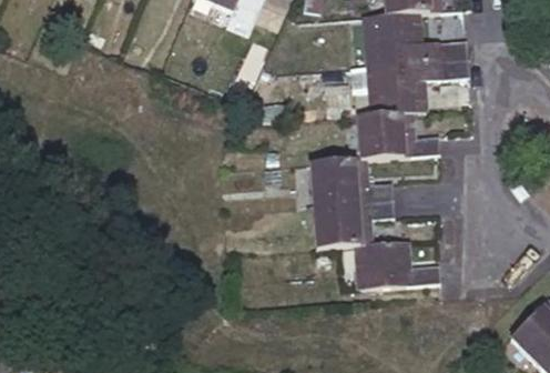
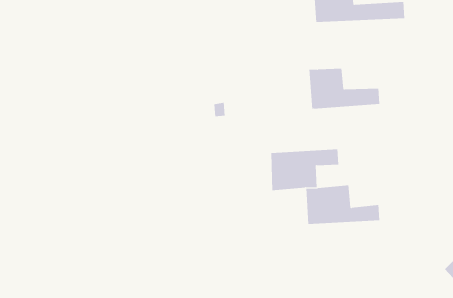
building: [366,59,467,115] -> none
building: [314,160,391,209] -> none

